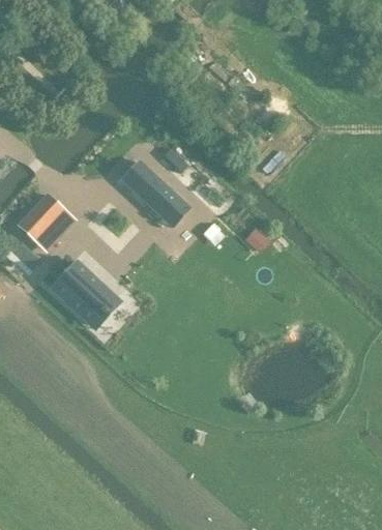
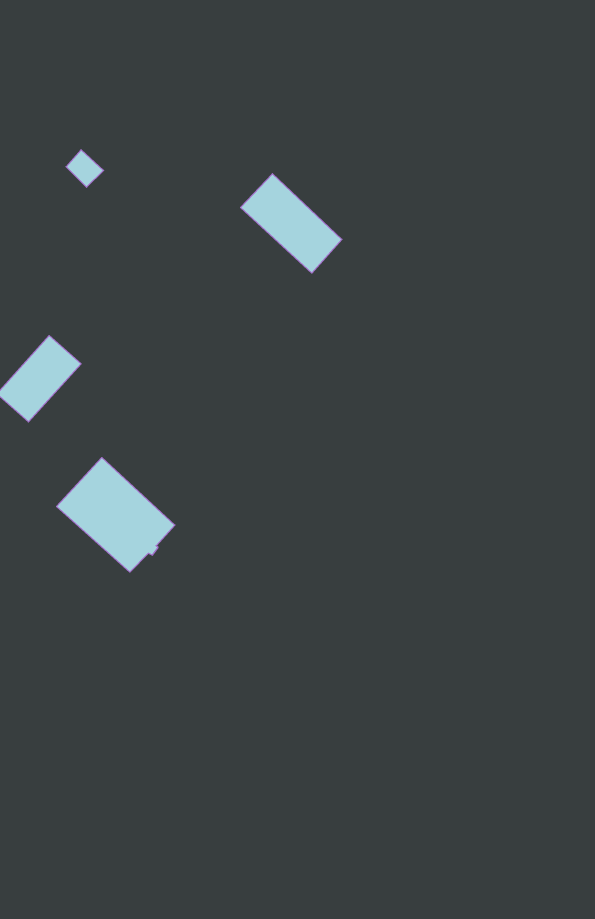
building: [124,160,180,215] -> [241,174,342,273]

